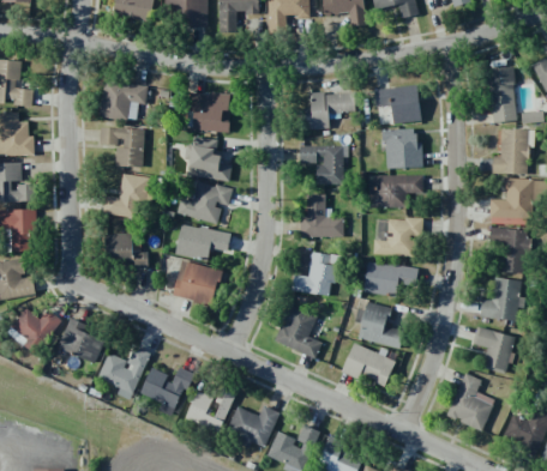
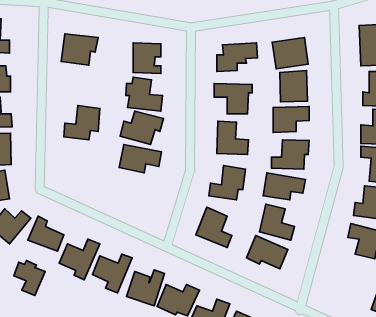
building: [100,126,144,167] -> none
building: [106,233,148,265] -> none
building: [173,260,220,304] -> none
building: [446,372,494,429] -> none
building: none -> [14,261,45,296]

